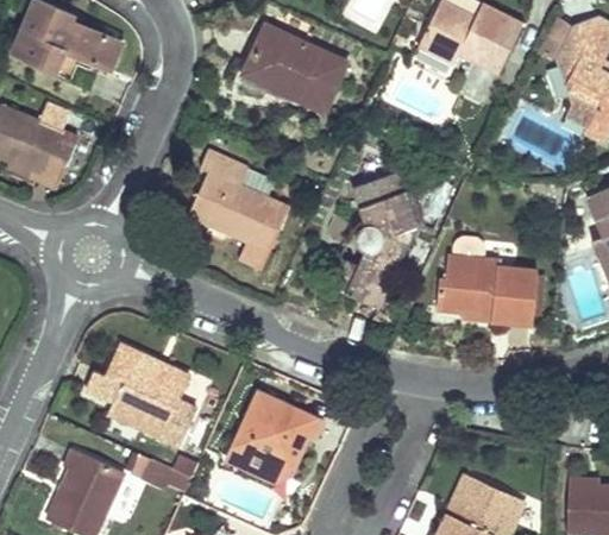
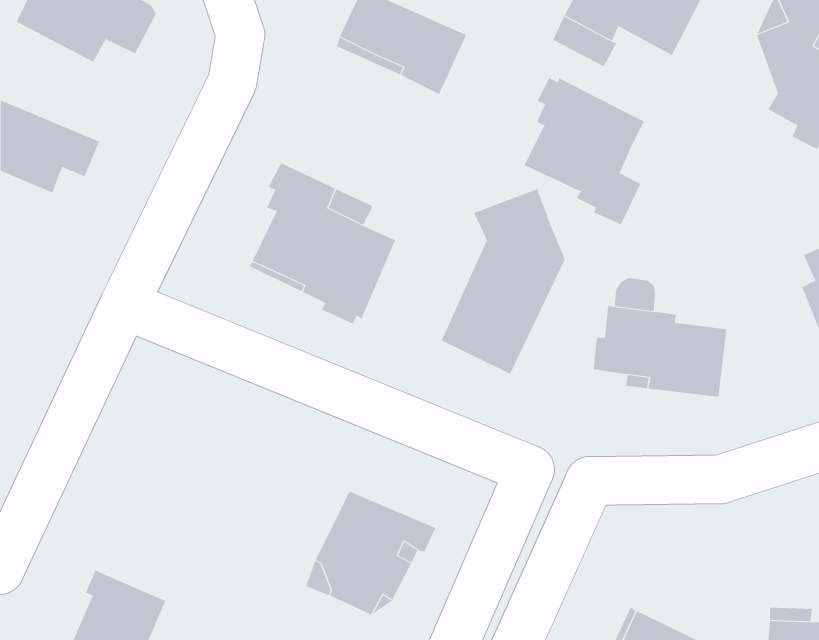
building: none -> [524,77,645,225]
building: [86,347,195,445] -> none
building: [133,452,192,492] -> none

